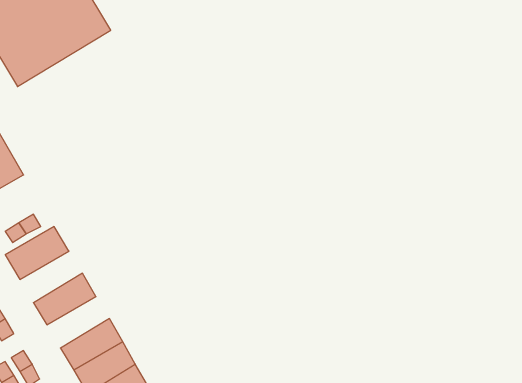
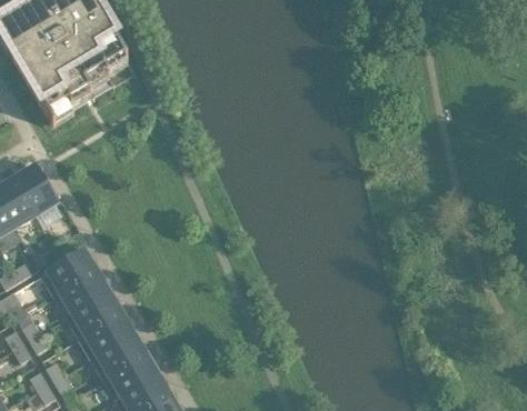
building: none -> [53,269,110,315]
building: none -> [78,310,135,357]

